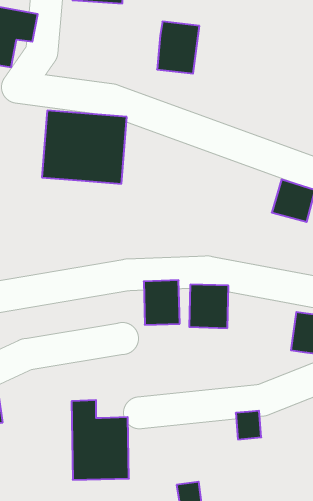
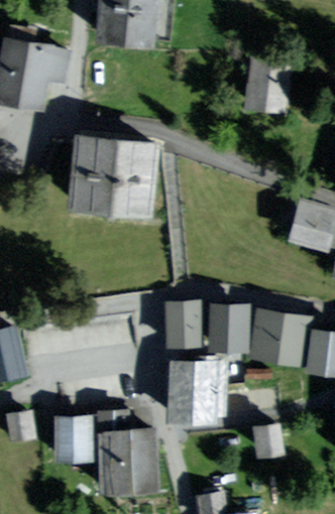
building: [157,22,199,74] -> [248,59,289,109]
building: none -> [253,312,308,367]
building: none -> [171,364,220,419]
building: none -> [53,422,88,460]

